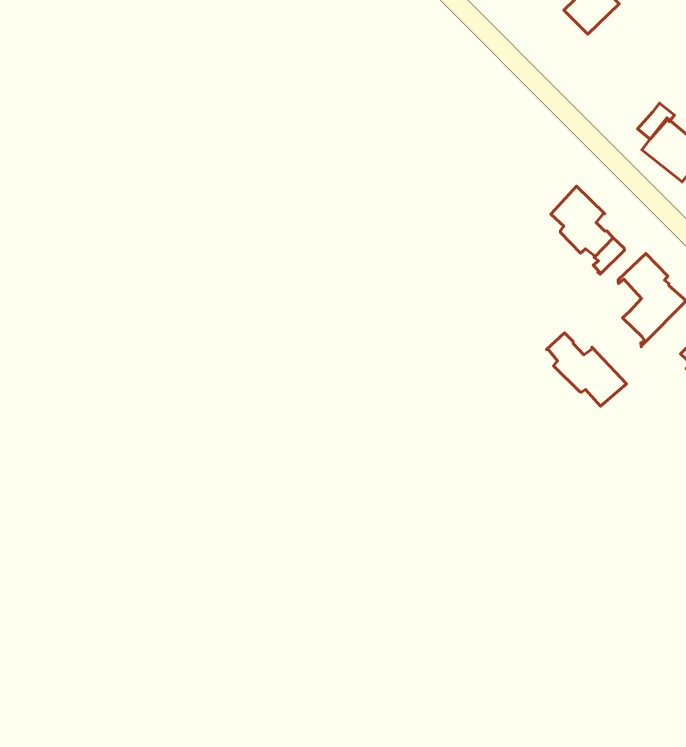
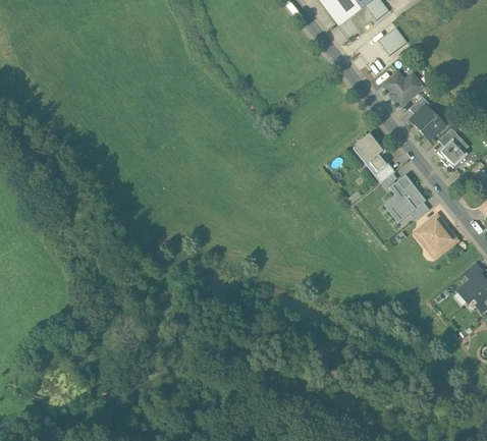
building: none -> [384,71,423,104]
building: [547,333,626,406] -> none

